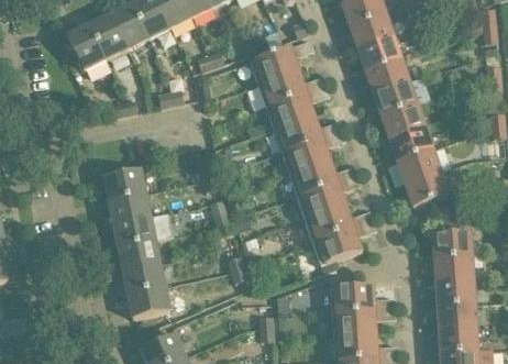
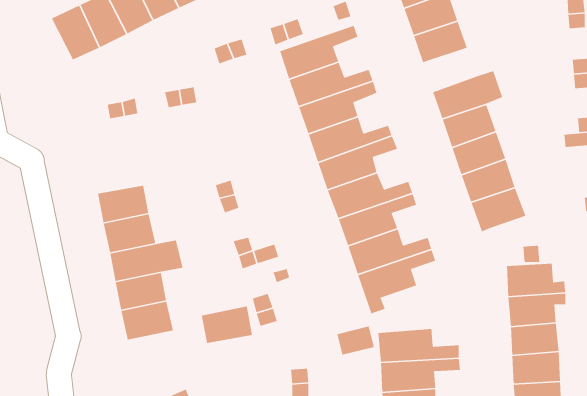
building: [365,58,409,93] -> none
building: [128,286,169,317] -> [201,305,253,344]

